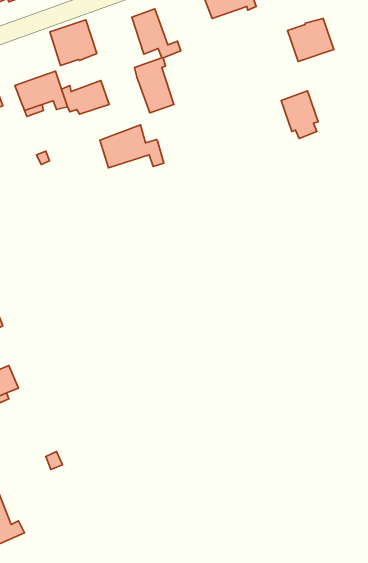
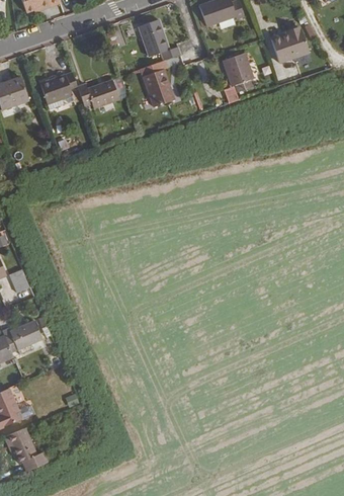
building: [50,20,97,65] -> none
building: [281,91,318,139] -> [223,52,254,92]
building: [100,125,164,168] -> none

